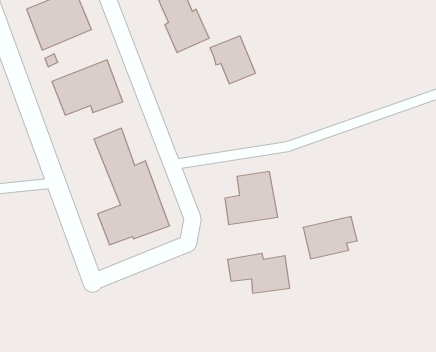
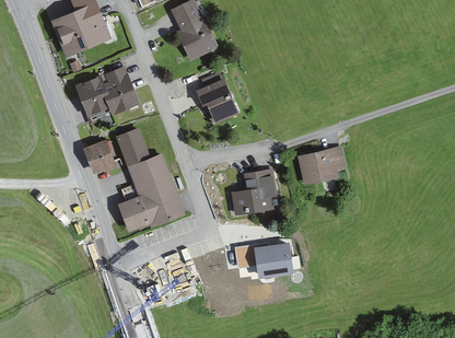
building: [210,36,256,84] -> [197,79,238,123]
building: none -> [83,139,116,173]
building: [303,217,357,259] -> [296,145,346,184]

